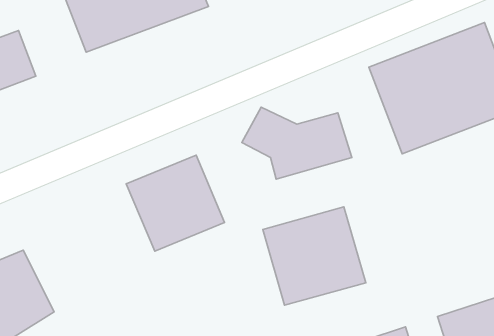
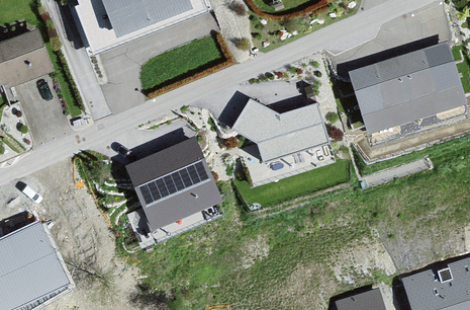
building: [263,207,366,305] -> none

